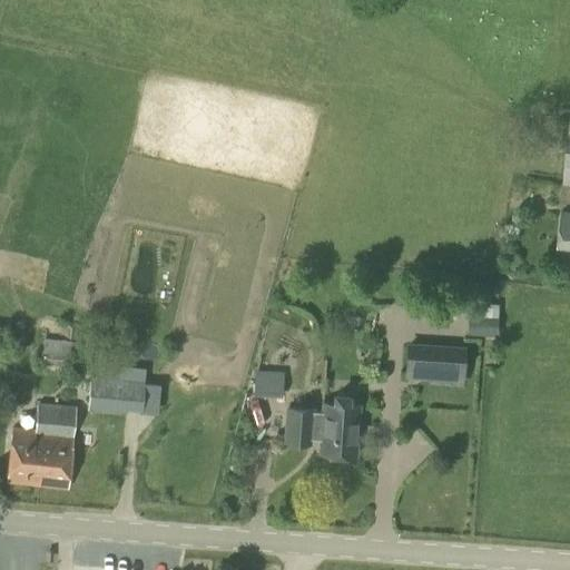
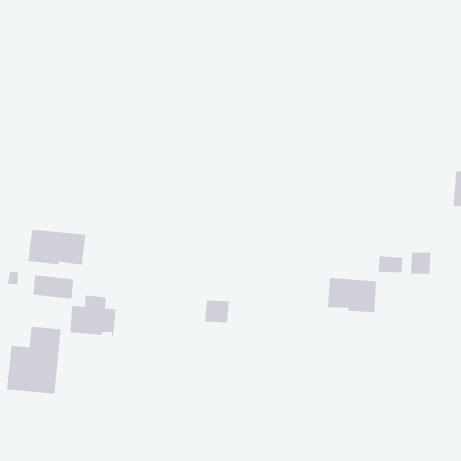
building: none -> [28,229,86,265]
building: none -> [411,252,431,275]
building: [286,402,361,455] -> none

